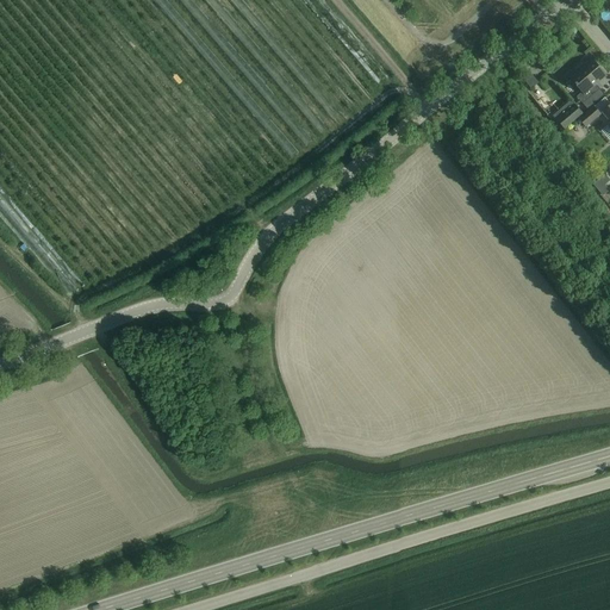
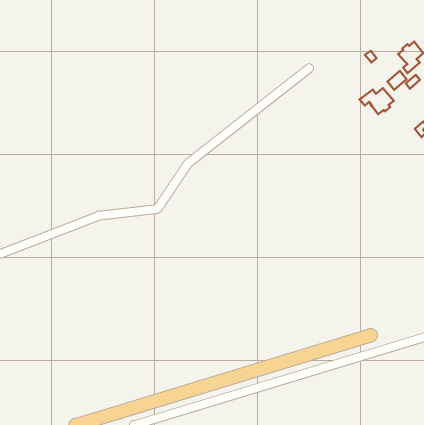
building: none -> [359,88,394,114]

